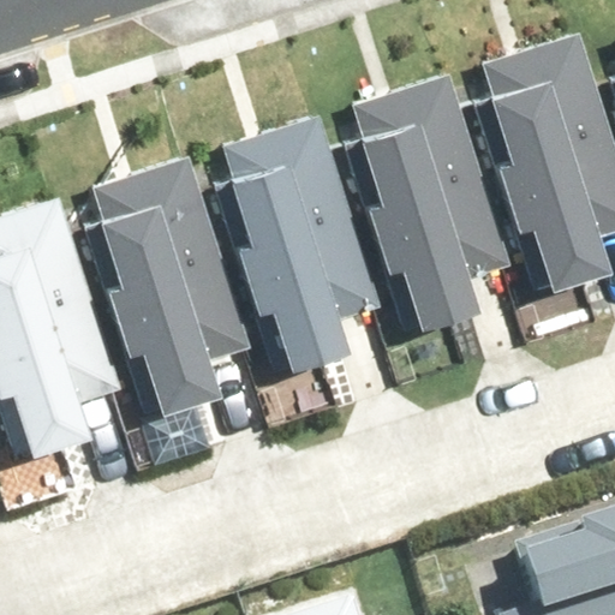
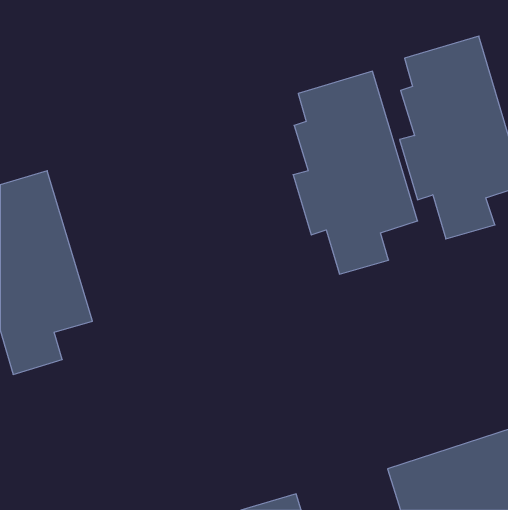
building: [228,121,378,364] -> none
building: [100,160,249,402] -> none

